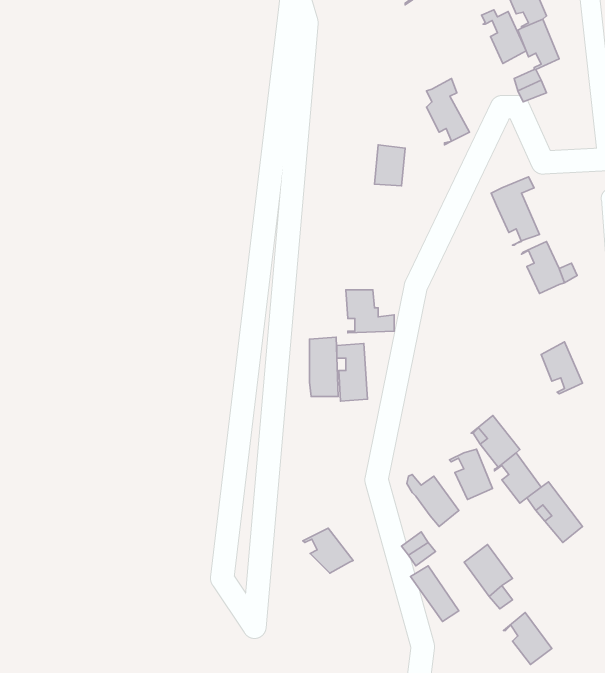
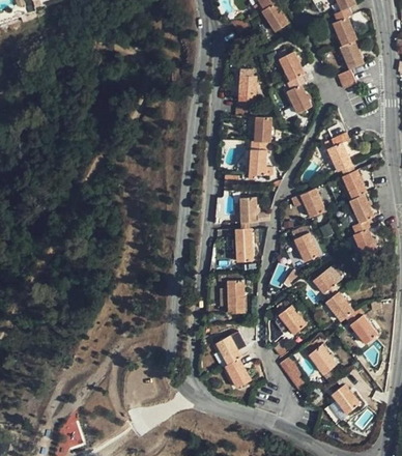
building: [481,10,526,63] -> [277,50,303,81]
building: none -> [237,75,256,101]
building: none -> [248,141,266,174]
building: none -> [290,188,323,217]
building: none -> [348,194,373,233]
building: [309,337,338,396] -> [227,279,243,313]
building: [450,449,492,499] -> [293,232,318,261]
building: none -> [227,354,250,388]

